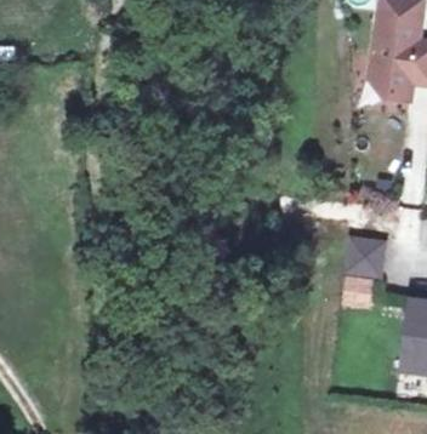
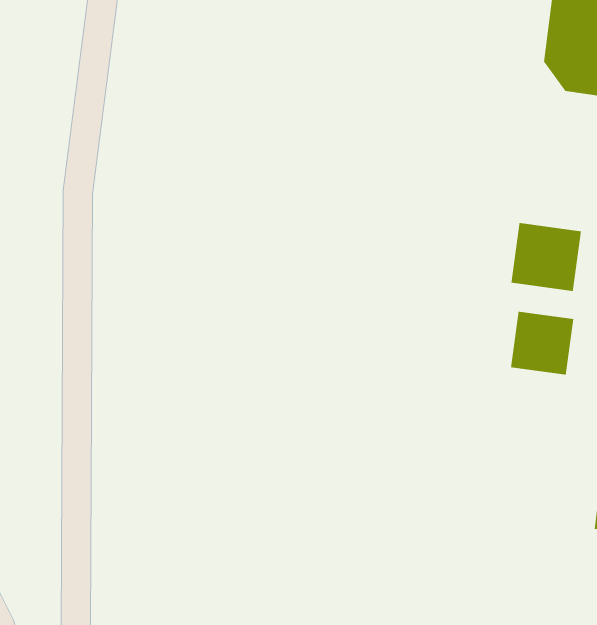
building: none -> [511,222,581,292]

